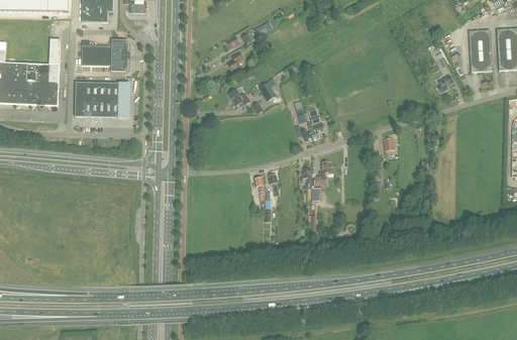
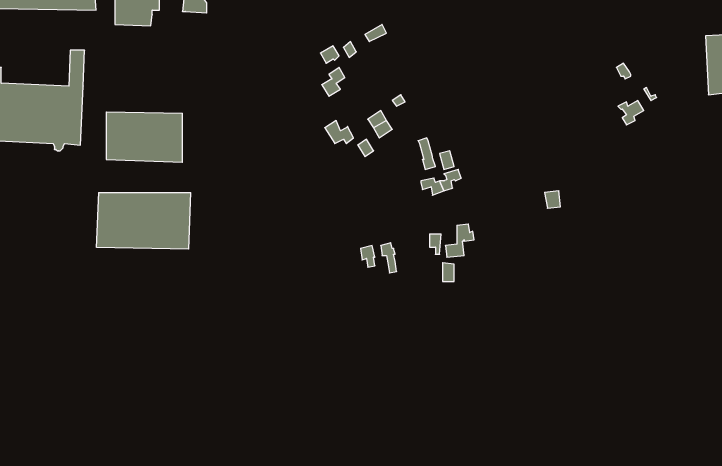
building: [468,29,491,72] -> none
building: [81,40,127,72] -> none
building: none -> [97,193,191,249]

